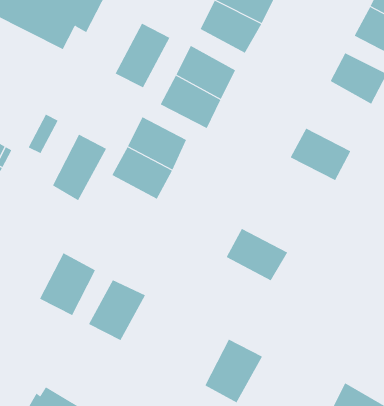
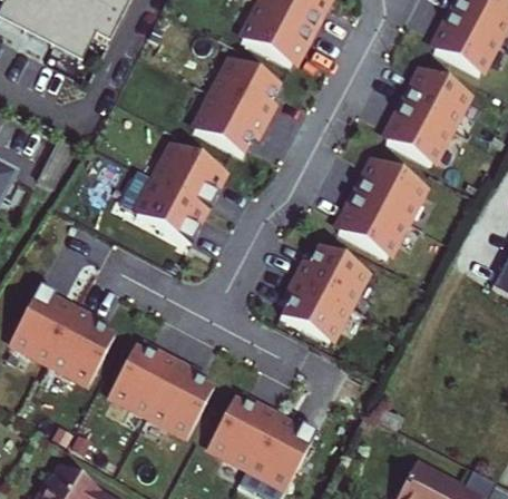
building: [115,23,170,88] -> none
building: none -> [381,100,449,162]
building: [52,134,107,201] -> none
building: none -> [333,192,406,255]
building: none -> [293,241,367,305]
building: none -> [11,285,79,361]
building: none -> [148,356,217,432]
building: none -> [209,390,277,464]

